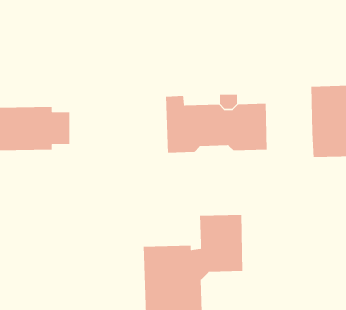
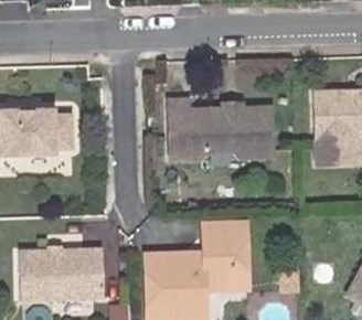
building: none -> [20,250,105,302]

